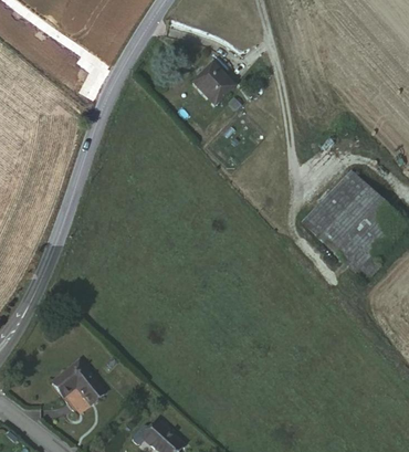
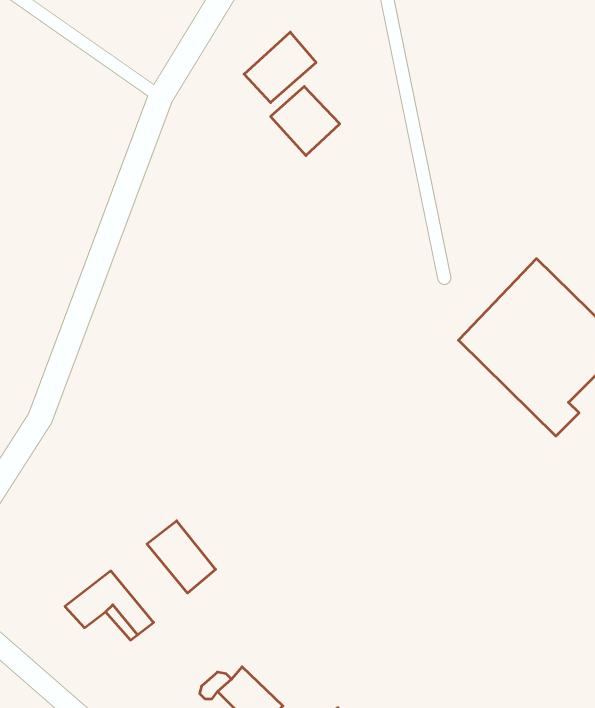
building: none -> [244,32,316,103]
building: none -> [147,521,216,593]

